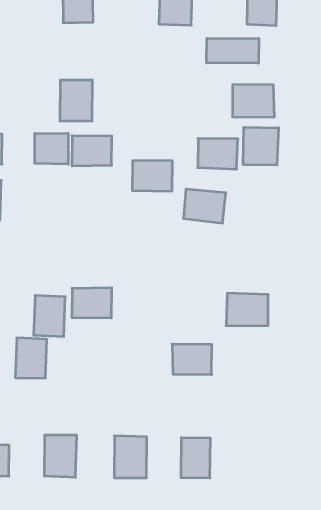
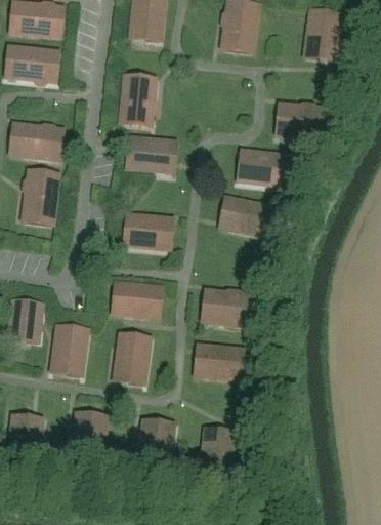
building: [207,38,259,63] -> none
building: [243,127,279,165] -> none
building: [35,133,68,164] -> none
building: [132,161,172,191] -> [123,213,164,246]
building: [226,293,268,326] -> [209,289,252,324]
building: [34,295,65,337] -> [115,332,149,374]

